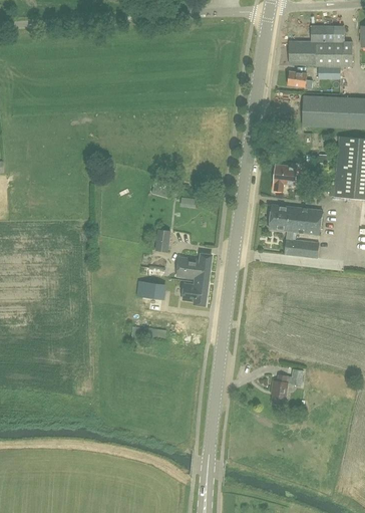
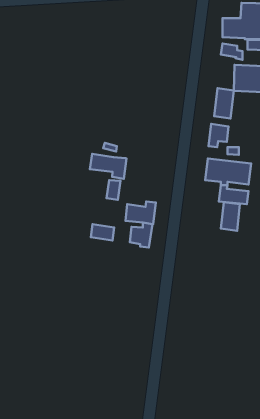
building: none -> [214,88,234,119]
building: none -> [90,154,126,179]
building: none -> [221,202,240,231]
building: [271,367,303,405] -> none

